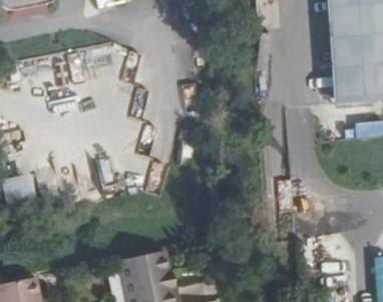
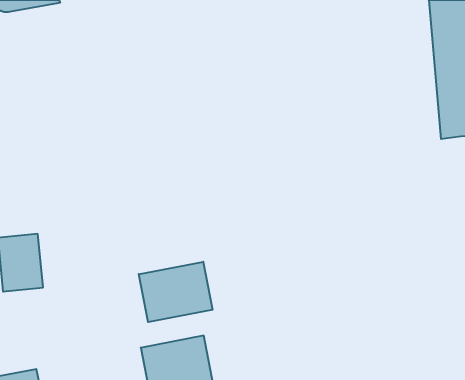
building: none -> [139,262,213,322]

